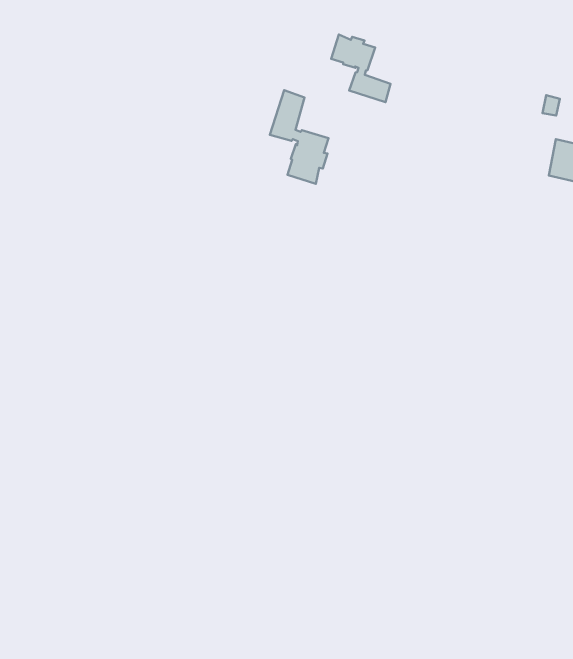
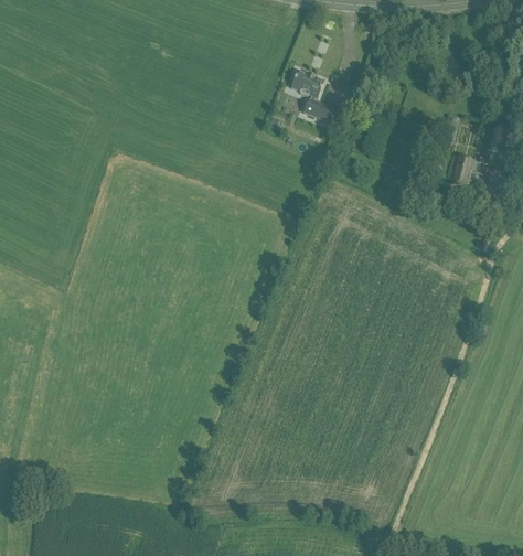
building: [270,90,329,184] -> none

